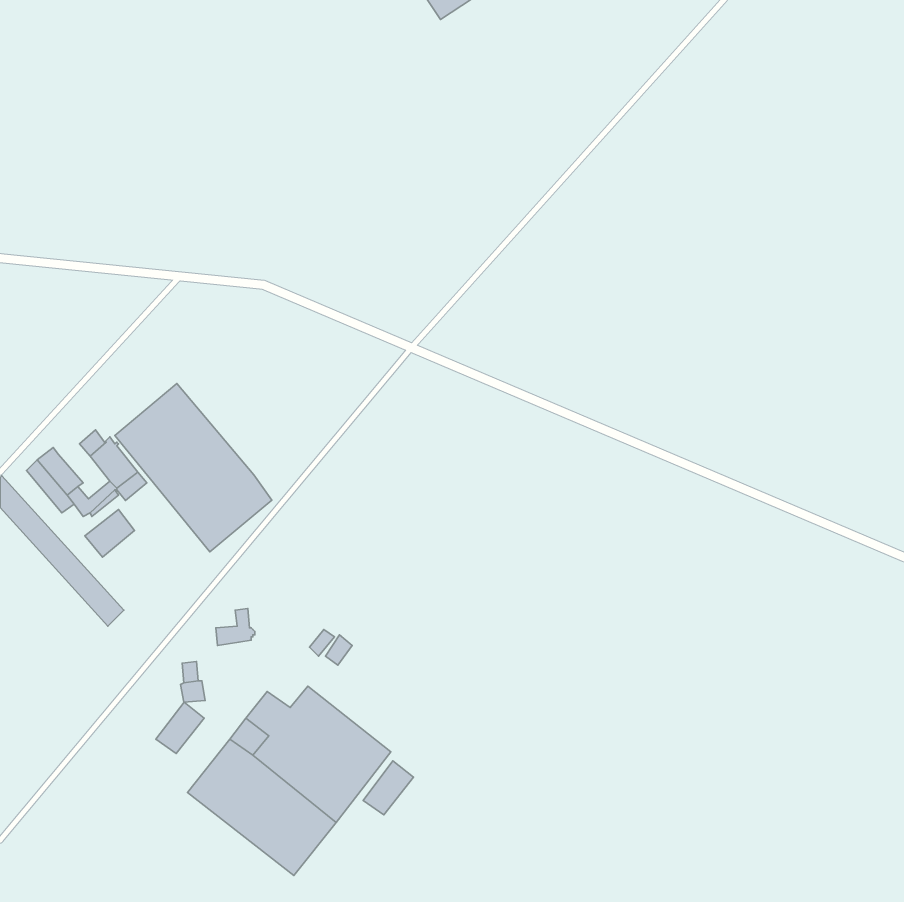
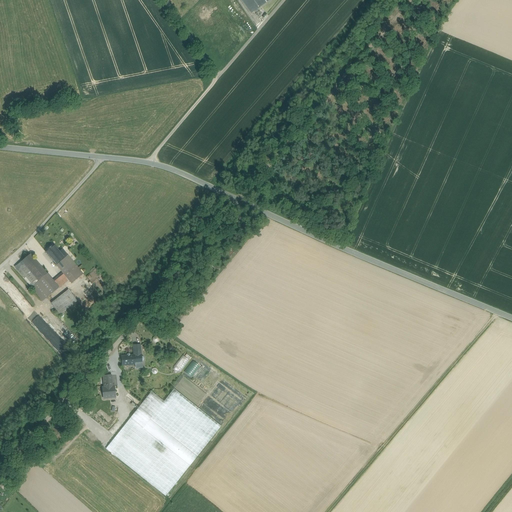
building: [115,384,272,552] -> none
building: [156,702,204,754] -> none
building: [363,761,414,815] -> none

